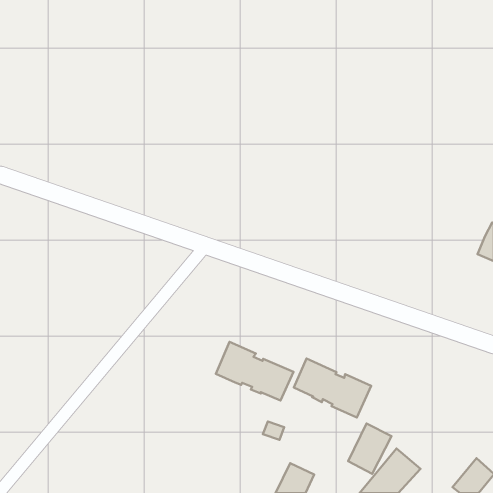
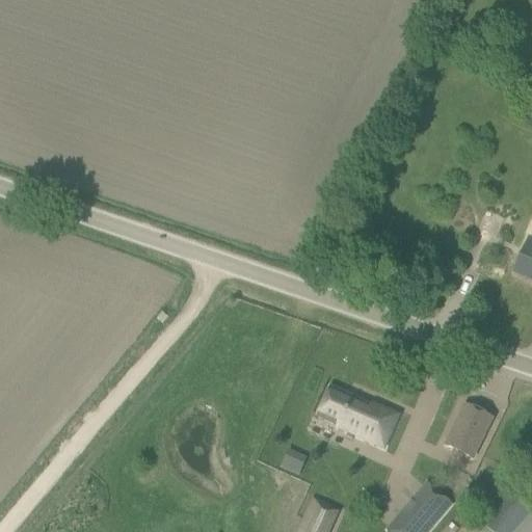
building: [216,342,293,401] -> none
building: [348,424,392,474] -> [447,404,494,458]

